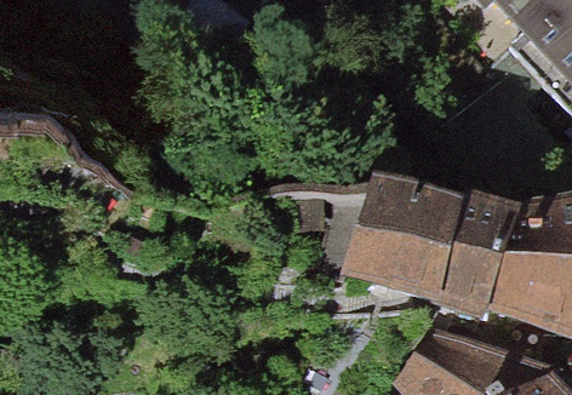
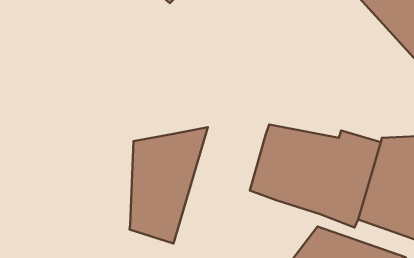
building: none -> [129,127,208,244]

